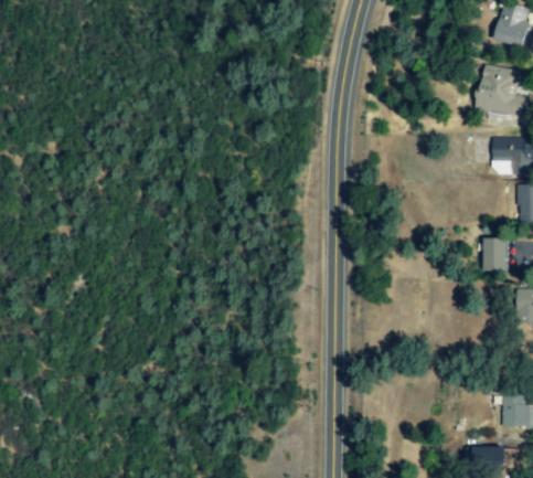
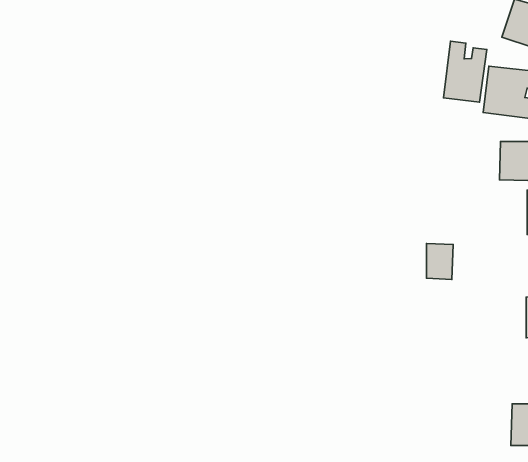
building: none -> [443,41,487,102]
building: [484,237,510,272] -> [426,243,453,279]

